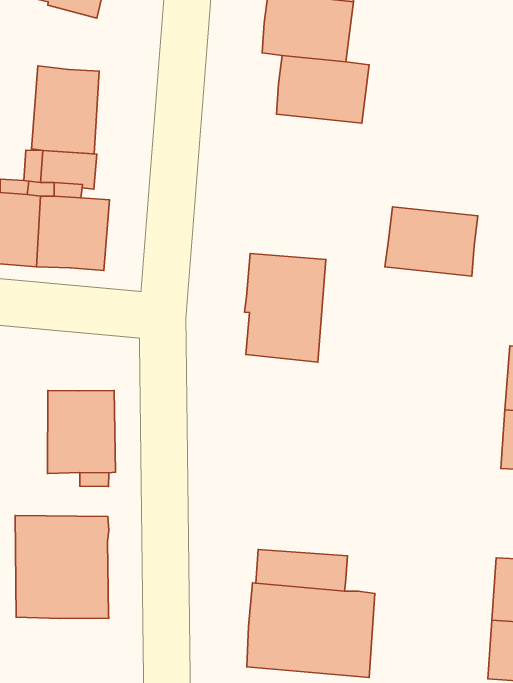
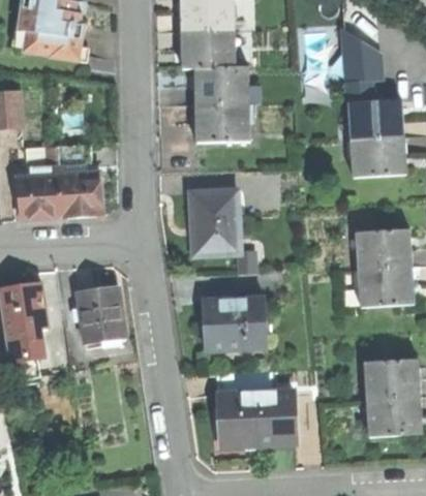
building: [31,66,99,154] -> none
building: [385,207,478,276] -> [195,106,249,145]
building: none -> [203,300,267,350]
building: [15,516,109,618] -> none

